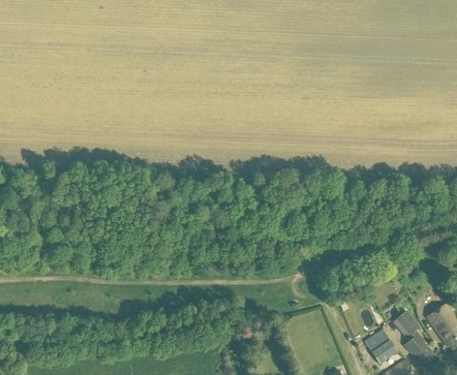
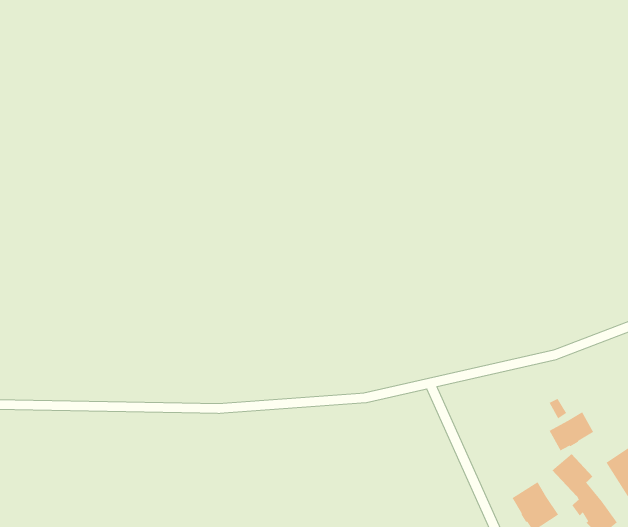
building: none -> [549,411,594,451]

